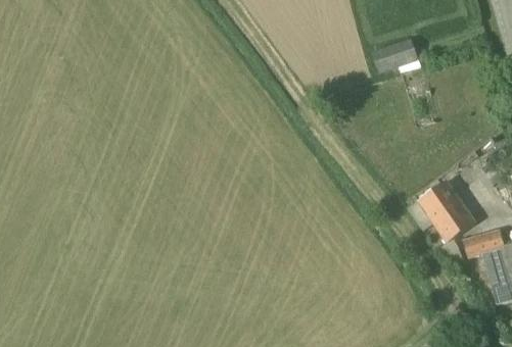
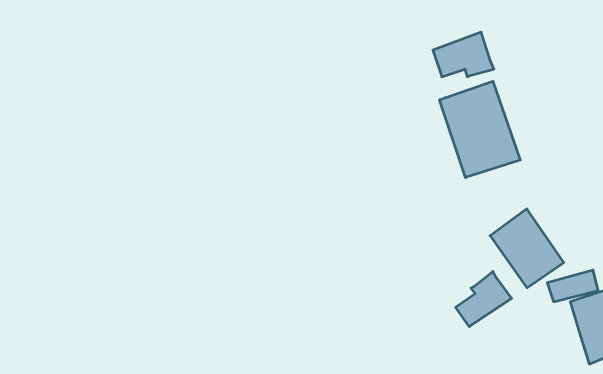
building: none -> [440,81,520,178]
building: none -> [456,271,512,327]

